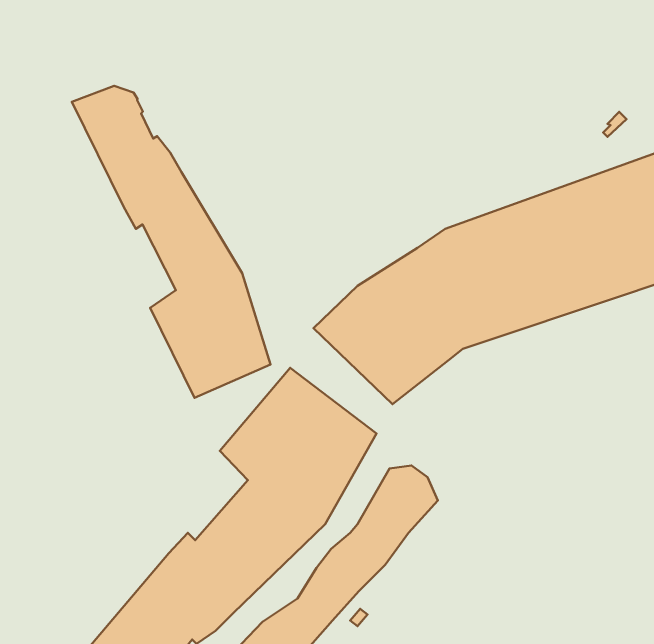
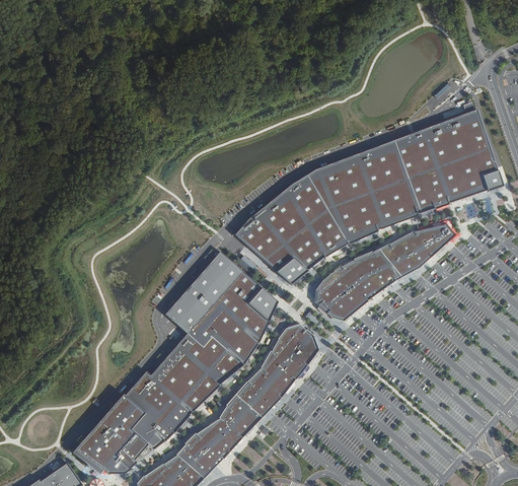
building: [72,86,270,398] -> none
building: none -> [316,223,455,318]

